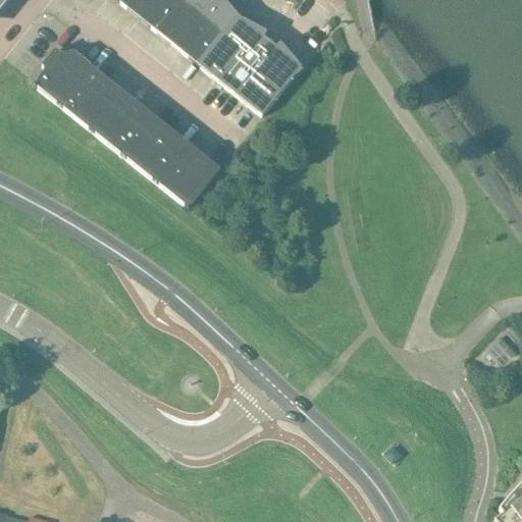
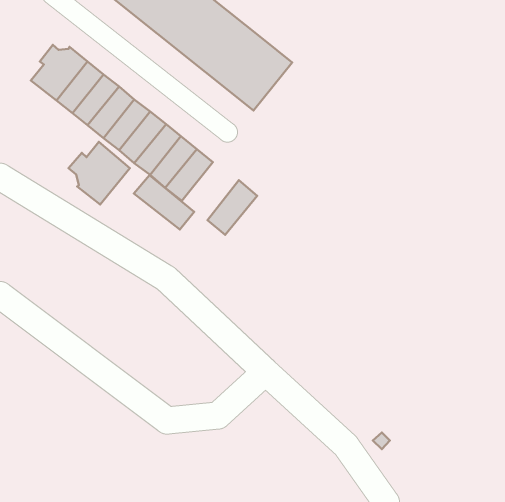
building: none -> [69,142,130,205]
building: none -> [134,175,194,230]
building: none -> [207,180,257,235]

